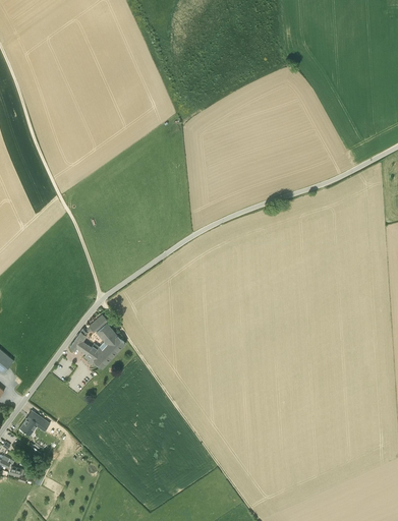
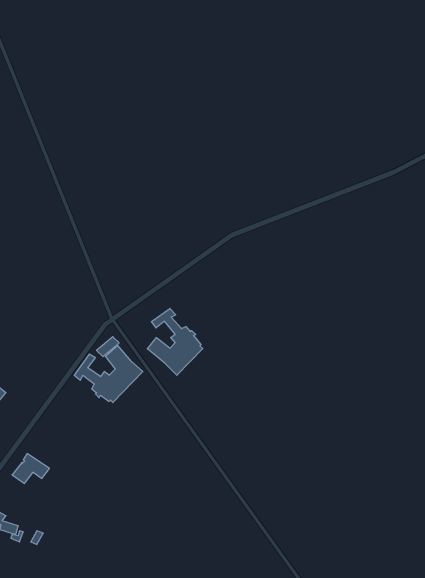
building: none -> [147,308,203,375]

